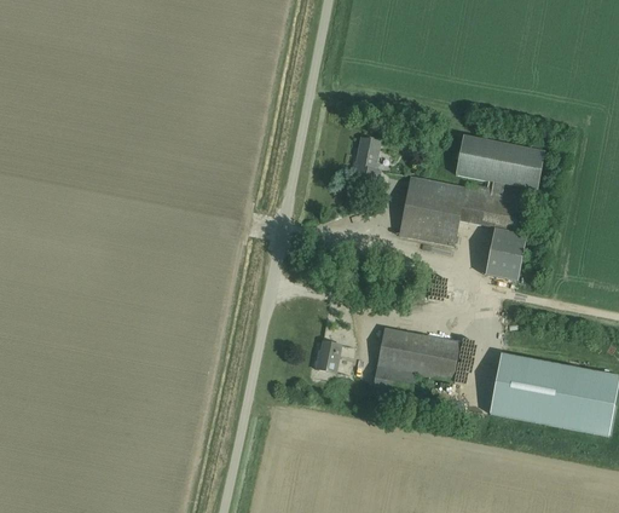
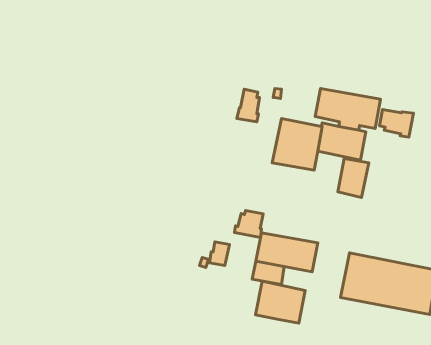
building: none -> [380,109,413,137]
building: none -> [235,210,263,238]
building: none -> [256,281,305,323]

